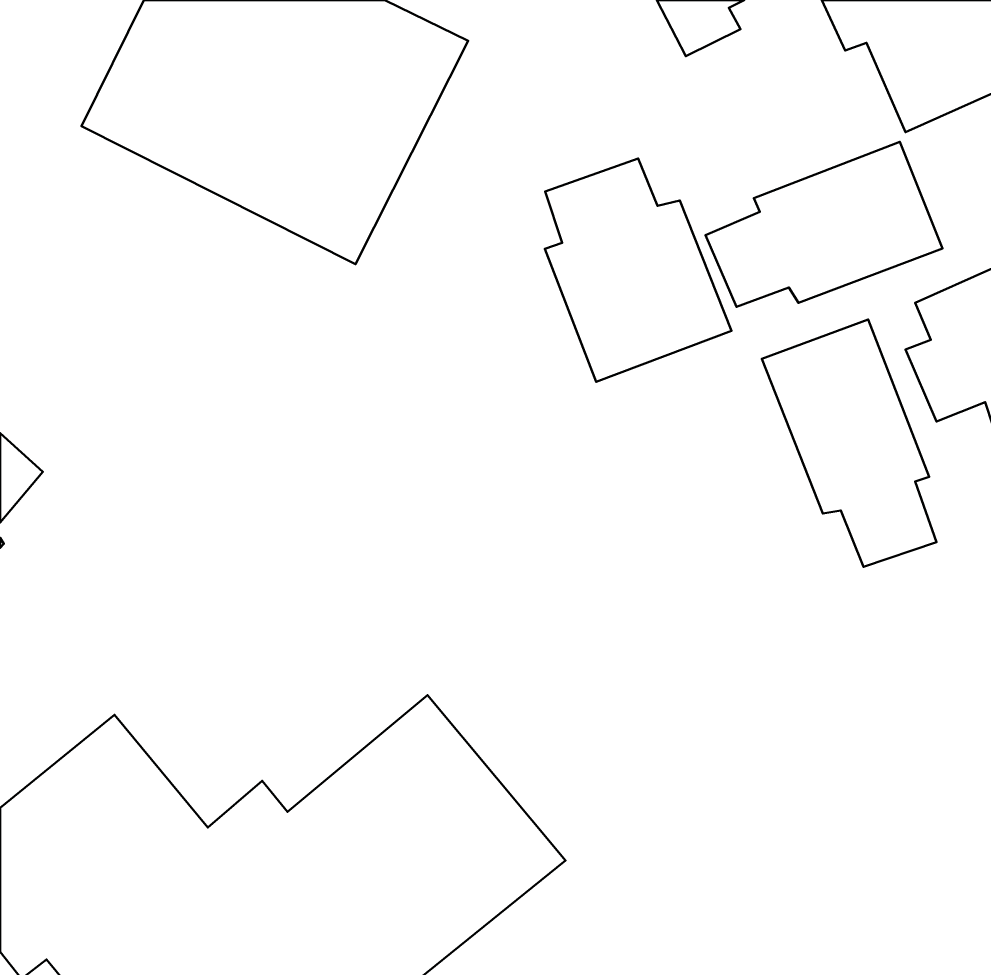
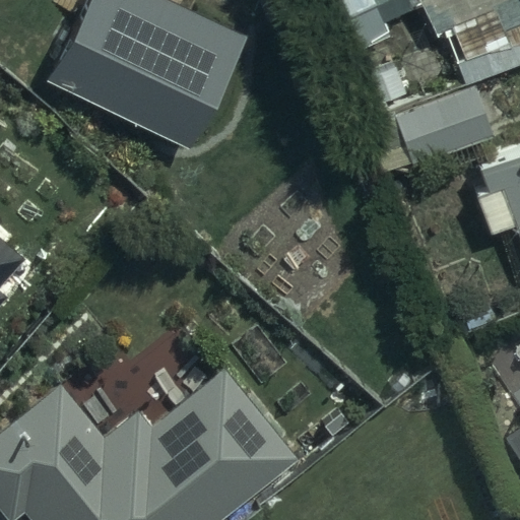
building: [545,159,732,382] -> none
building: [762,319,936,567] -> none

